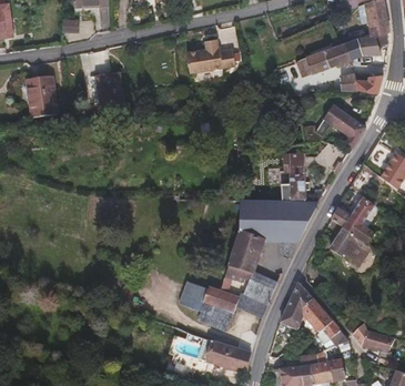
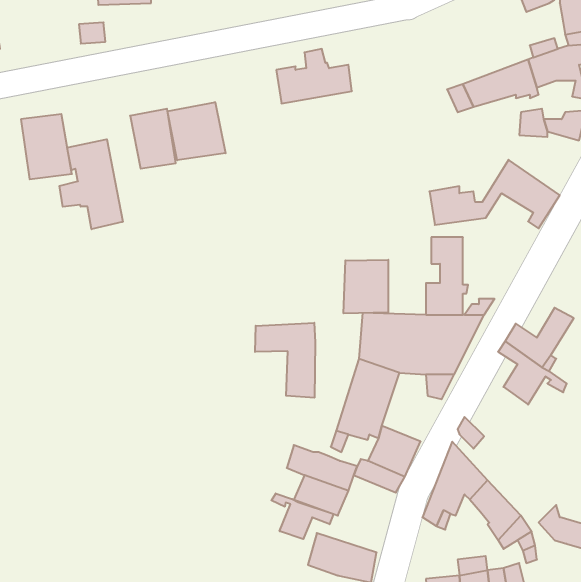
building: none -> [167,102,226,160]
building: none -> [59,139,123,229]
building: none -> [344,260,388,313]
building: none -> [255,323,315,398]
building: none -> [271,493,333,539]

